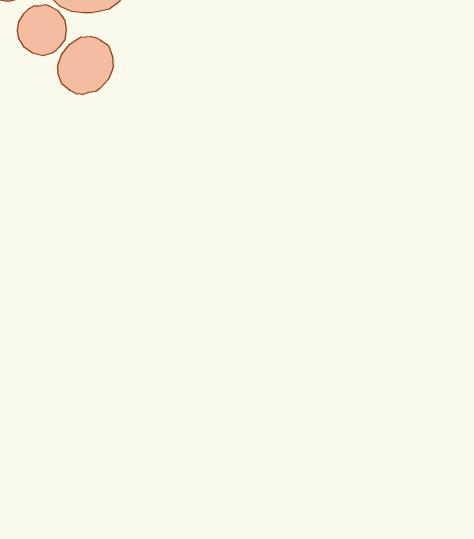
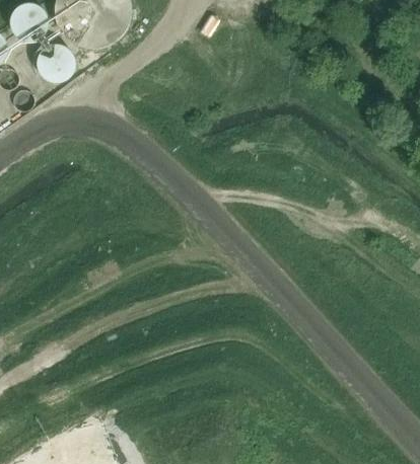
building: [58,36,113,95] -> none

